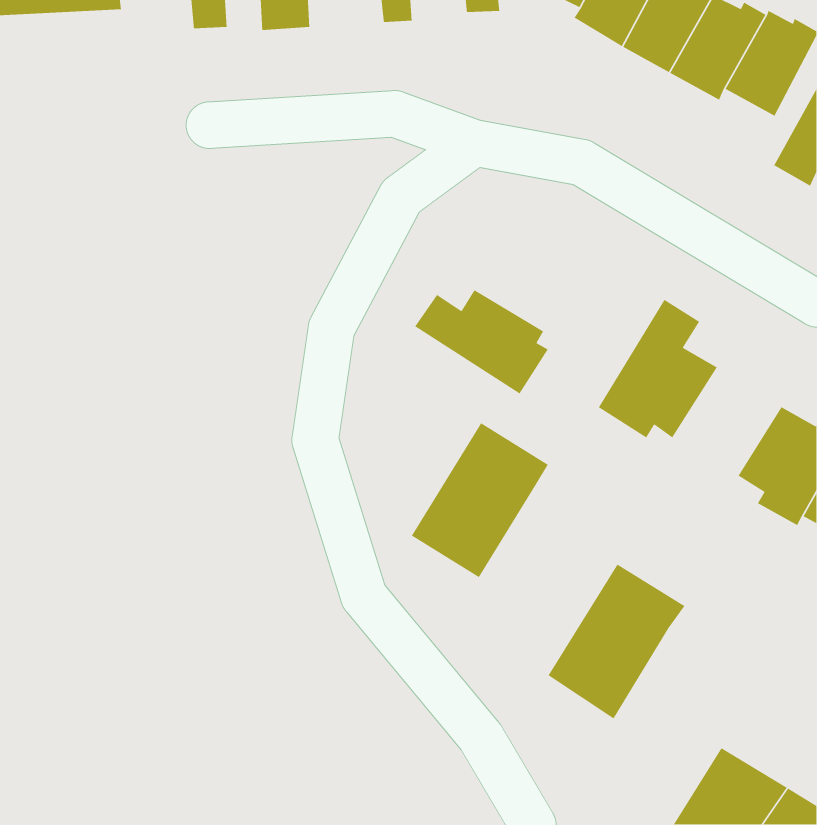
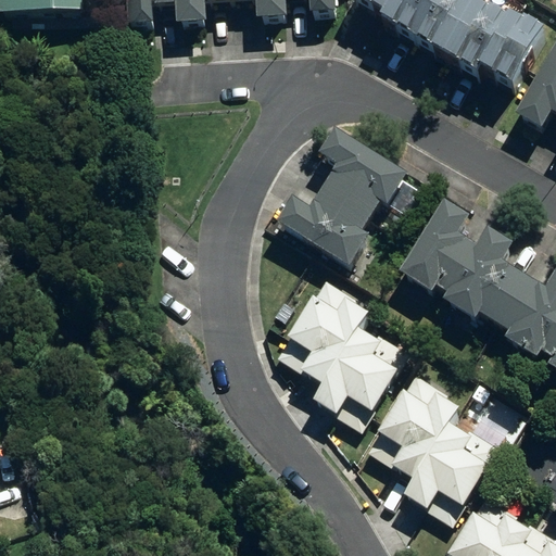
building: none -> [314,138,399,222]
building: none -> [446,228,522,318]
building: none -> [311,325,406,431]
building: none -> [401,420,496,527]

